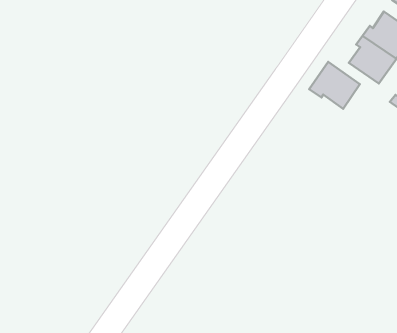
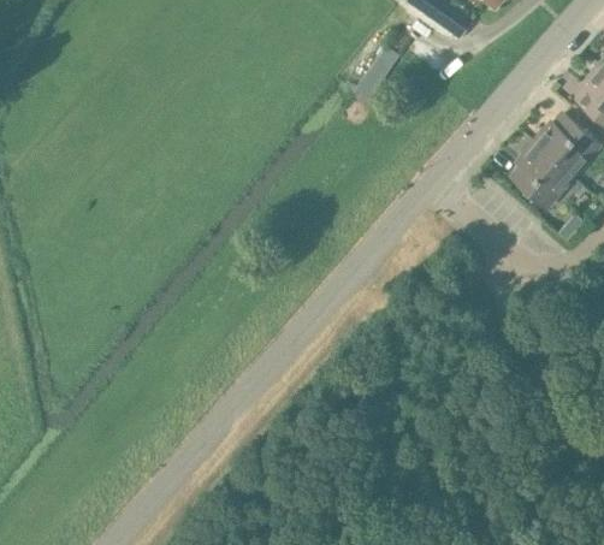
building: [309,62,360,109] -> none

